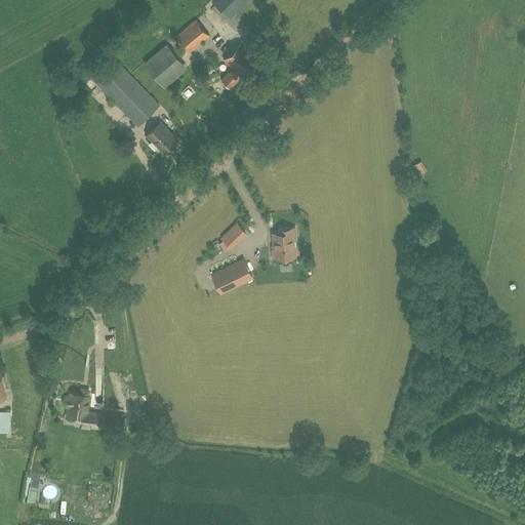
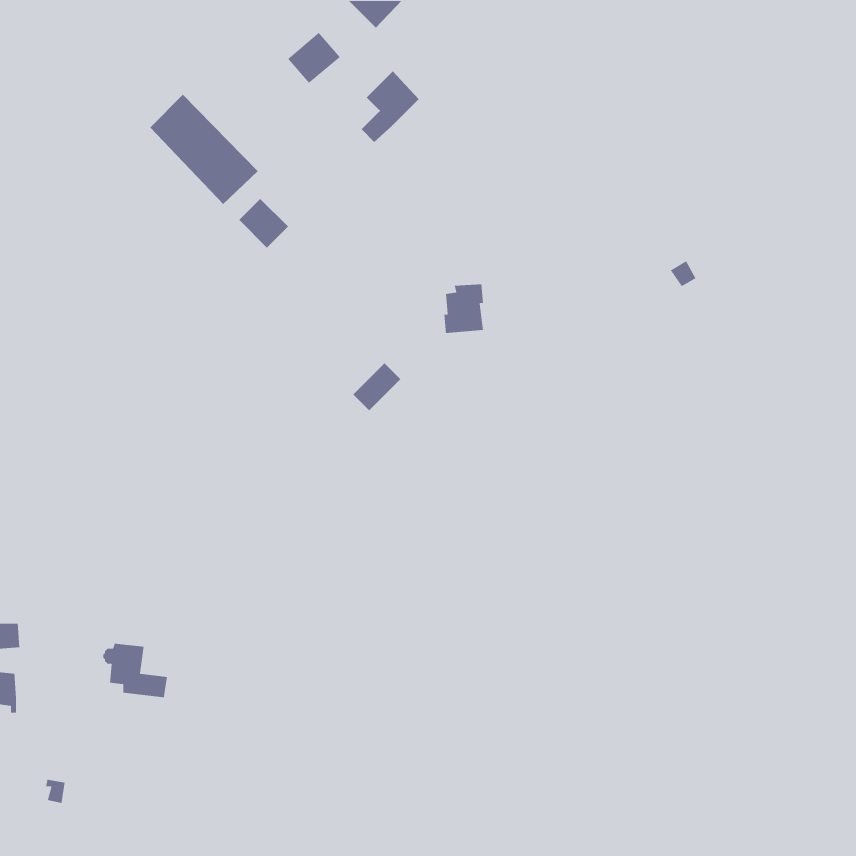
building: [144,44,187,88] -> none
building: [271,229,295,259] -> [444,284,484,334]
building: [211,259,251,293] -> none

